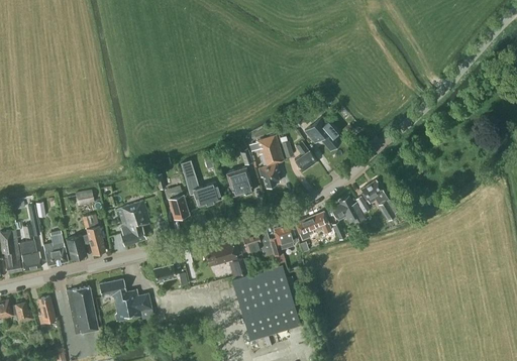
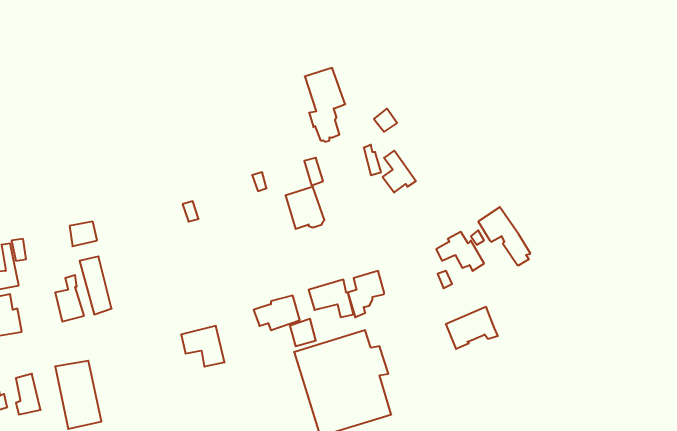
building: [305,120,341,150] -> none
building: [255,135,284,187] -> [305,68,345,142]
building: [180,162,221,206] -> none
building: [169,190,188,218] -> none
building: [117,201,150,246] -> none
building: [295,211,331,240] -> [446,307,498,349]
building: [43,240,68,264] -> none
building: [98,278,151,321] -> none

